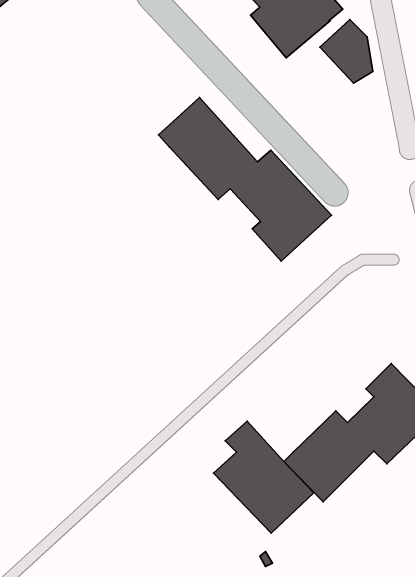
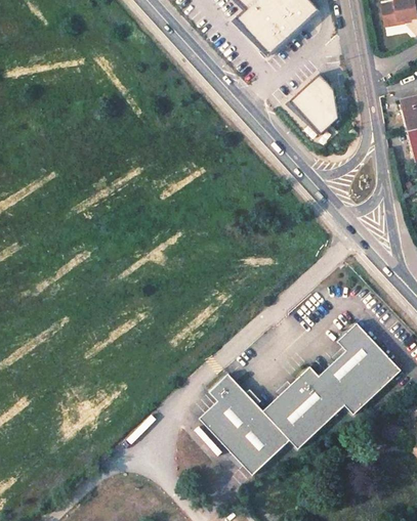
building: [320,20,373,83] -> [288,75,335,131]
building: [159,97,332,261] -> none

